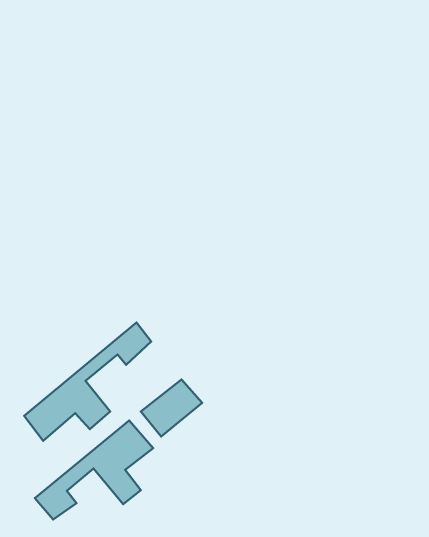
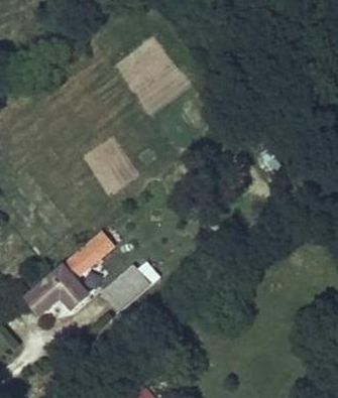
building: [35,420,153,519] -> none

